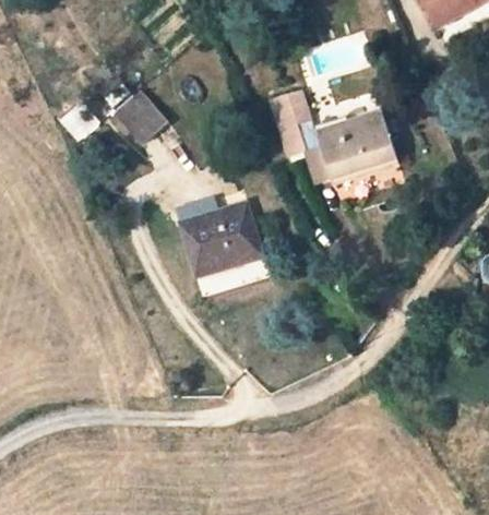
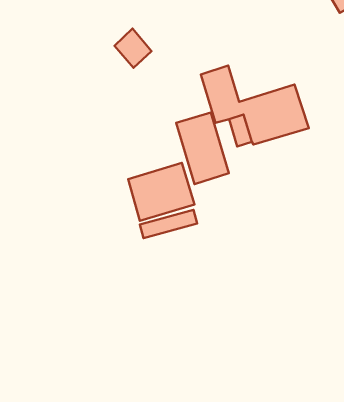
building: [118,92,163,139] -> [114,29,152,68]
building: none -> [176,113,229,184]

